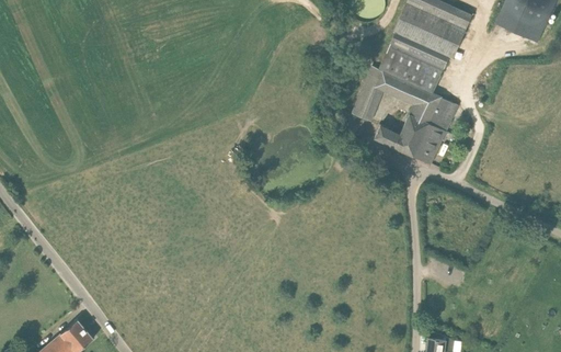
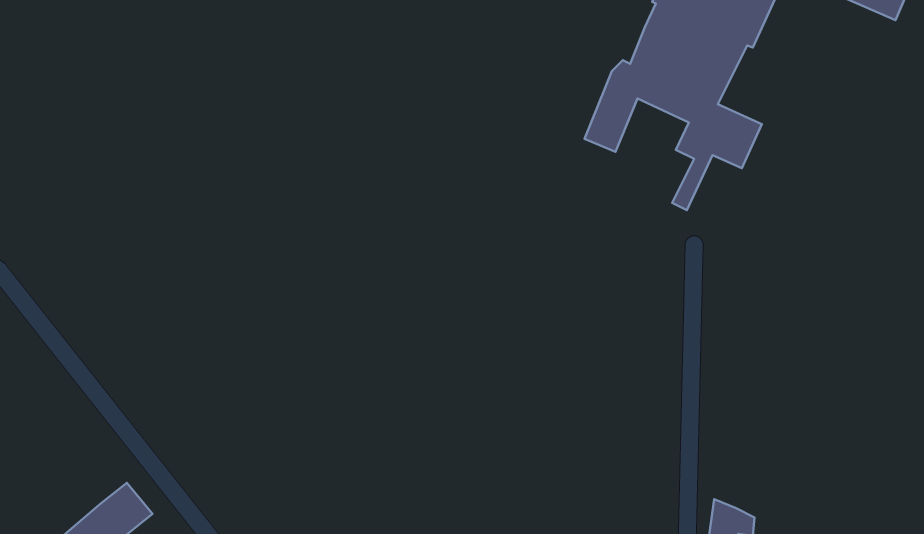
building: [375,121,417,152] -> none
building: [413,124,446,164] -> none

